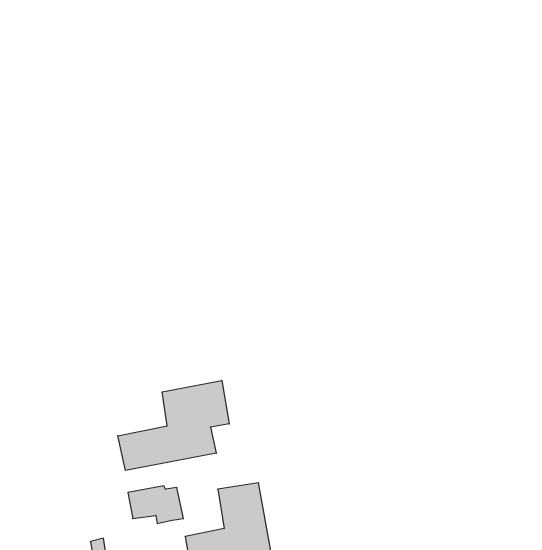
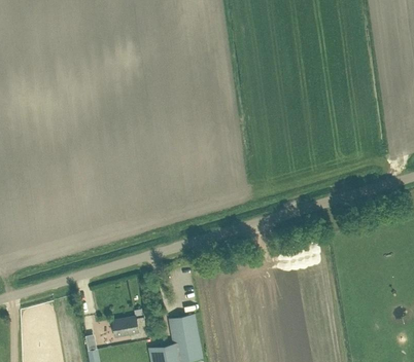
building: [118,380,229,470] -> none

